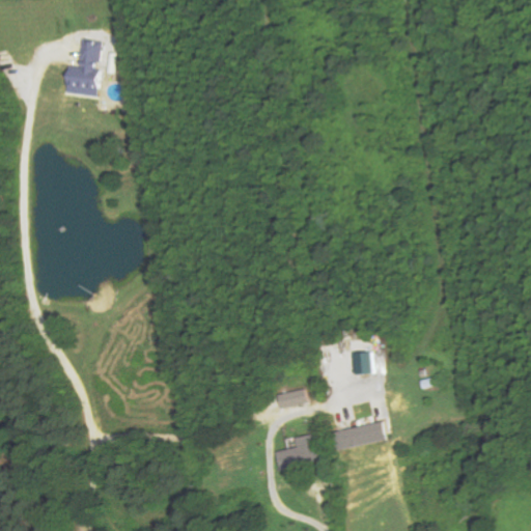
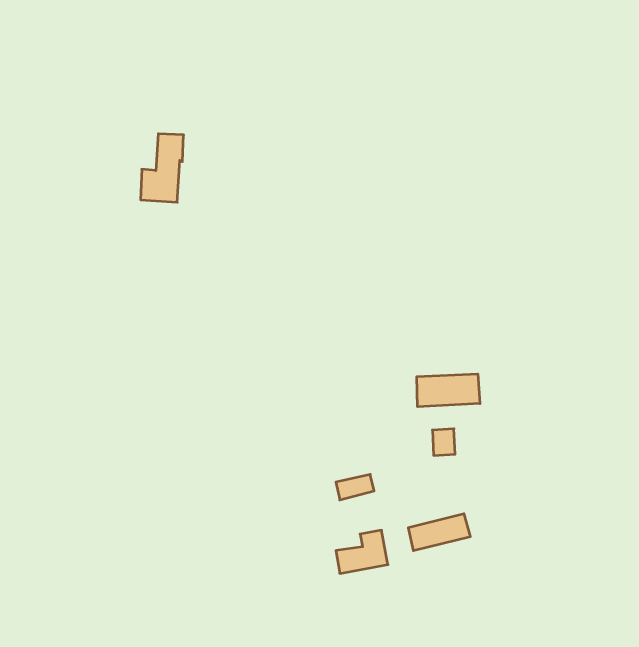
building: [65,39,101,95] -> [141,134,184,202]
building: none -> [417,374,480,407]

